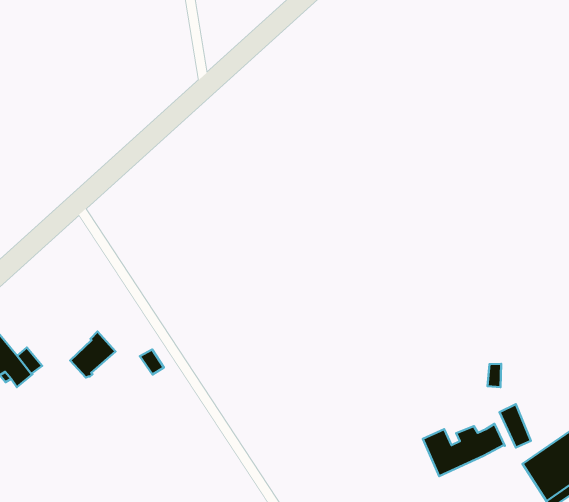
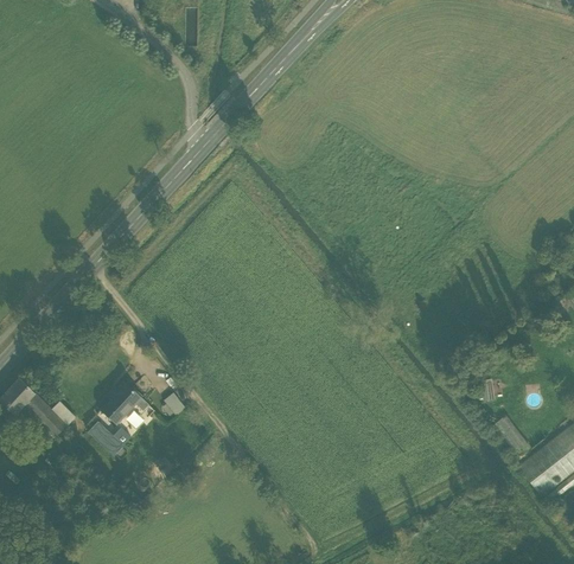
building: none -> [88,421,132,456]
building: [423,424,505,476] -> none

